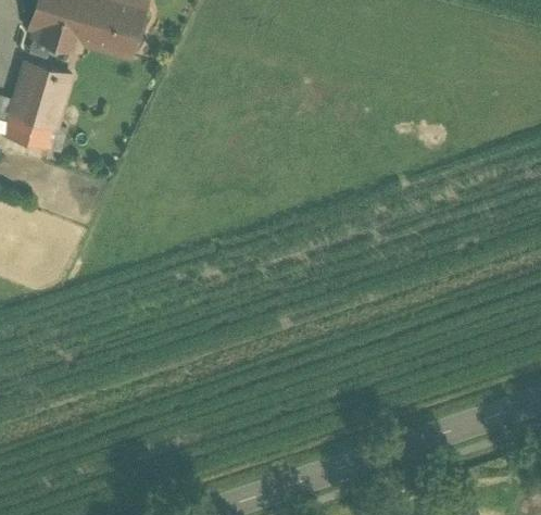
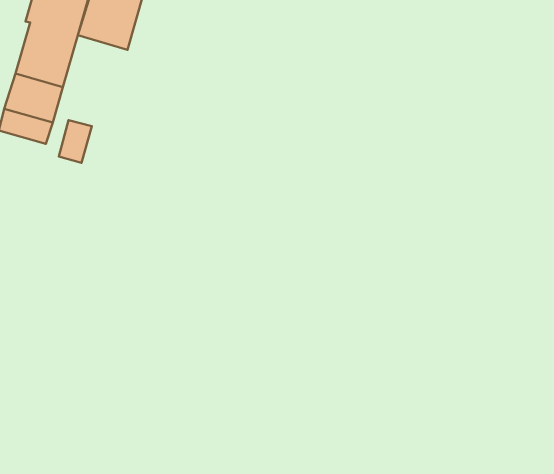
building: none -> [59,120,92,163]

